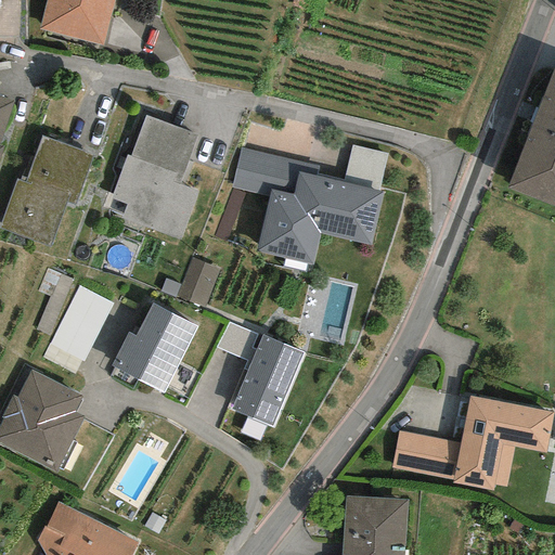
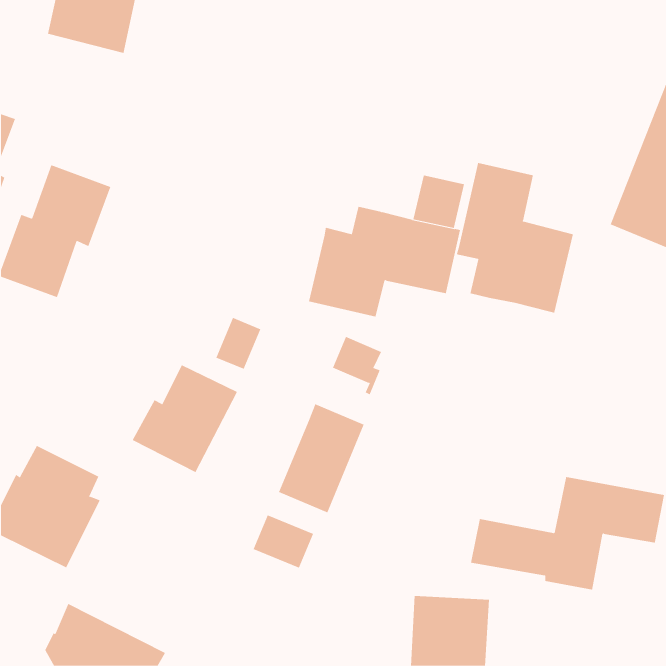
building: [111,115,201,238] -> none
building: none -> [456,162,573,314]
building: [232,147,320,195] -> none
building: [49,285,114,360] -> none
building: [217,321,258,370] -> [332,336,382,395]
building: none -> [253,514,314,569]

